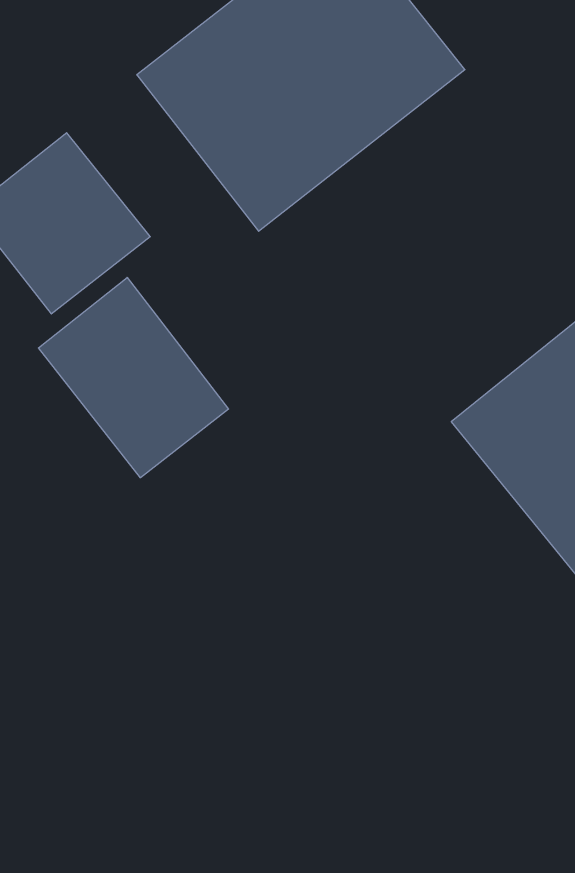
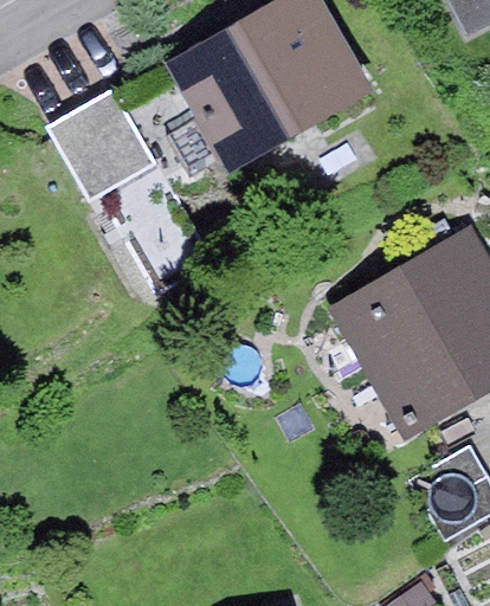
building: [38,277,229,478] -> none

